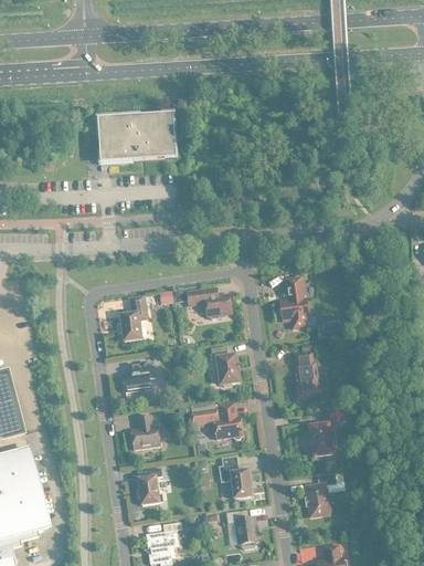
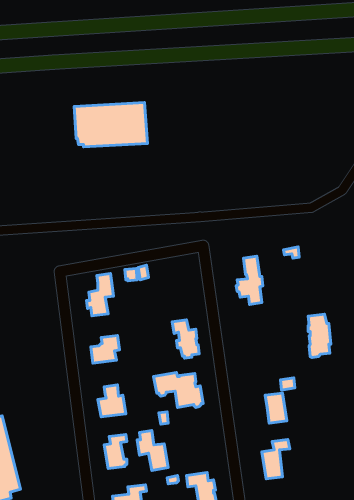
building: [188,290,232,318] -> none
building: [295,353,319,399] -> [308,314,331,357]
building: [220,455,253,499] -> [137,430,168,471]

